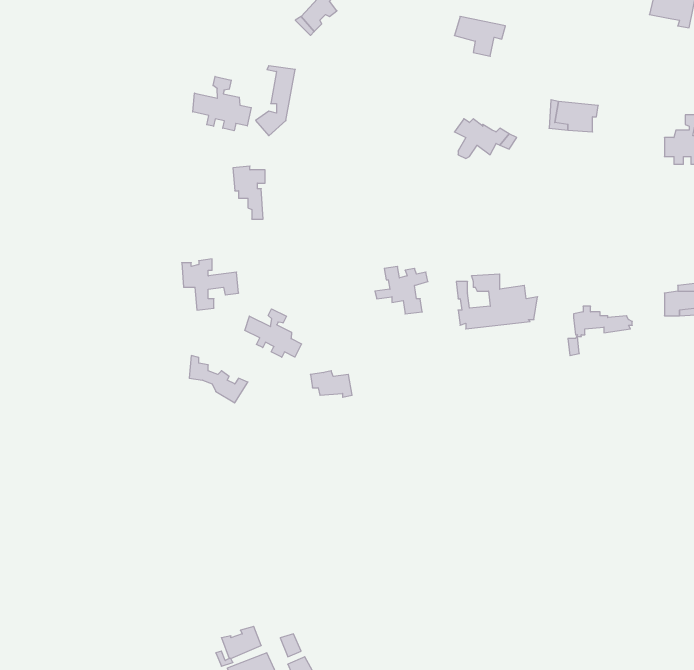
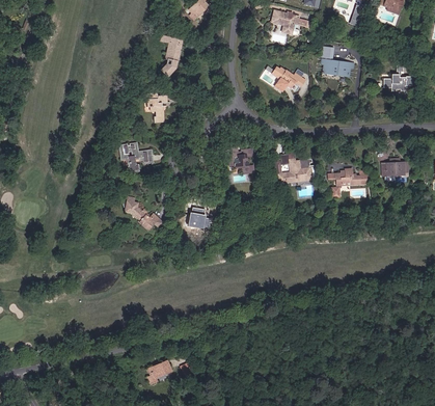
building: [193,76,251,131] -> none
building: [245,309,302,357] -> none

